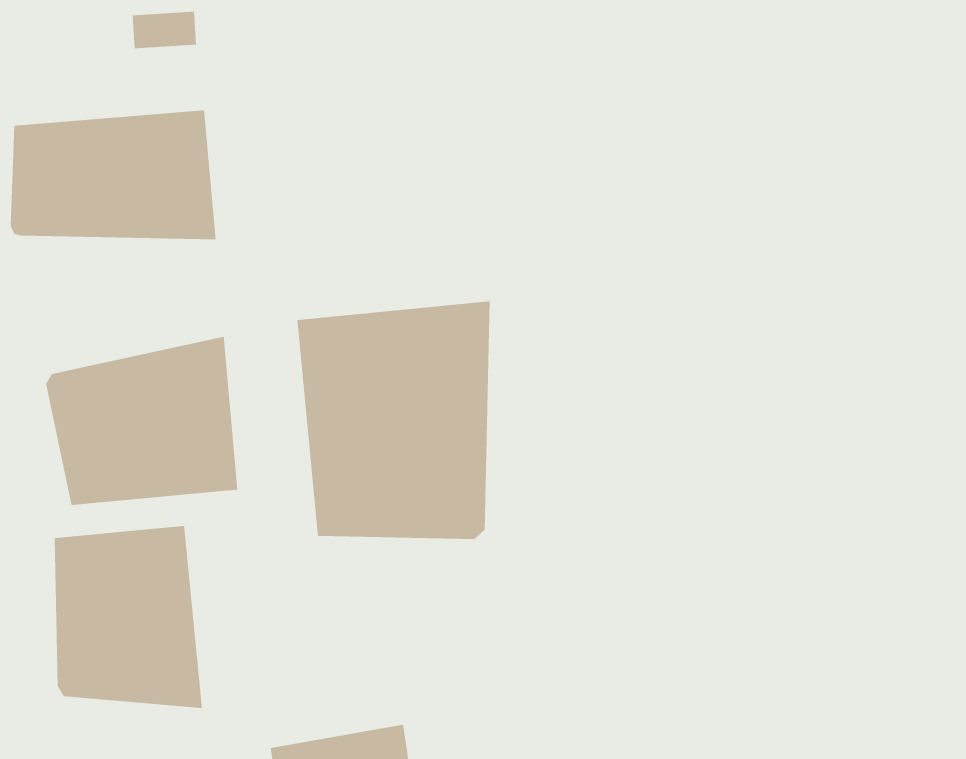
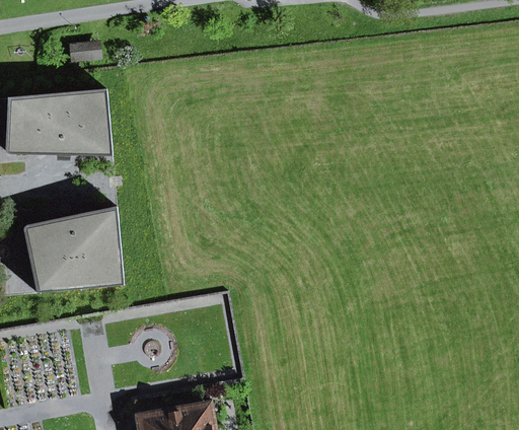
building: [297,301,490,540] -> none
building: [54,525,202,709] -> none

